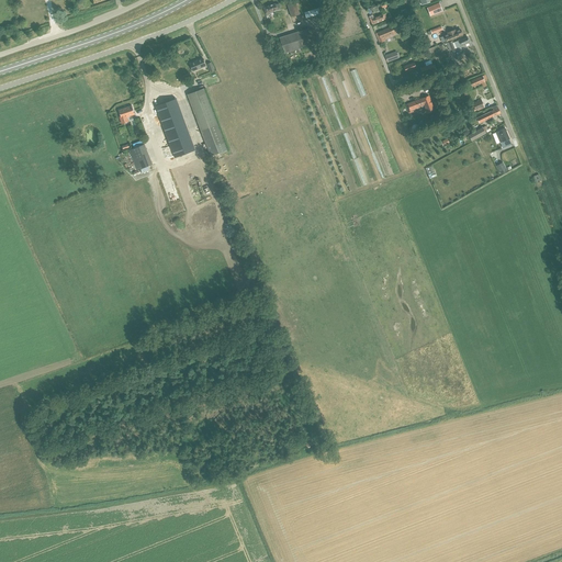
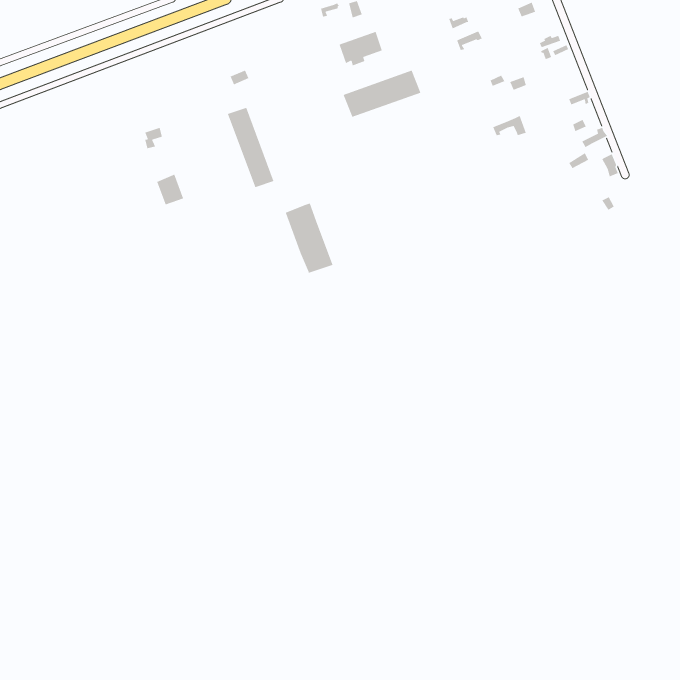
building: none -> [343,70,421,118]
building: [155,98,194,157] -> [285,203,333,275]

